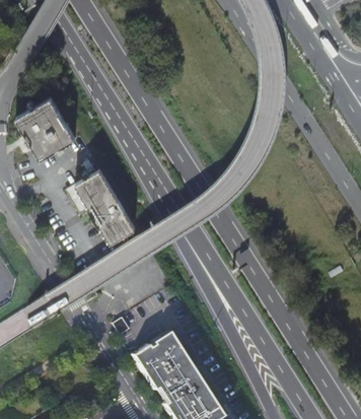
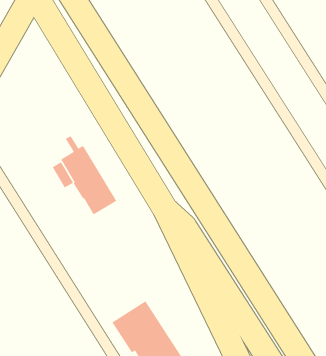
building: [21,93,82,156] -> none

